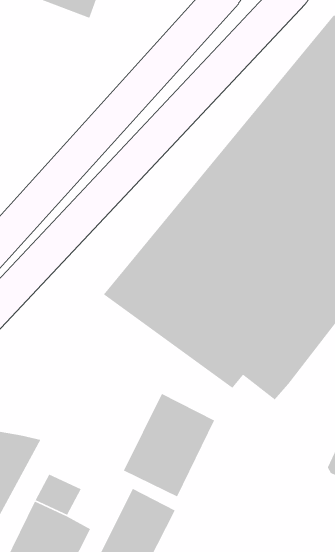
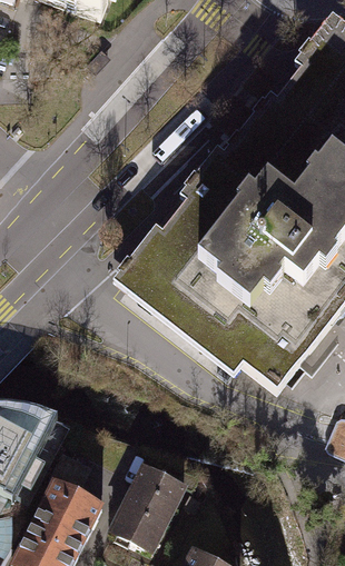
building: [123,393,215,497] -> none

